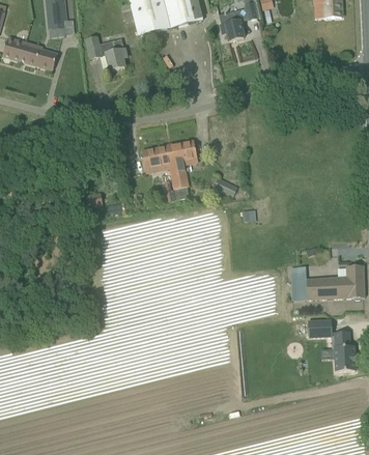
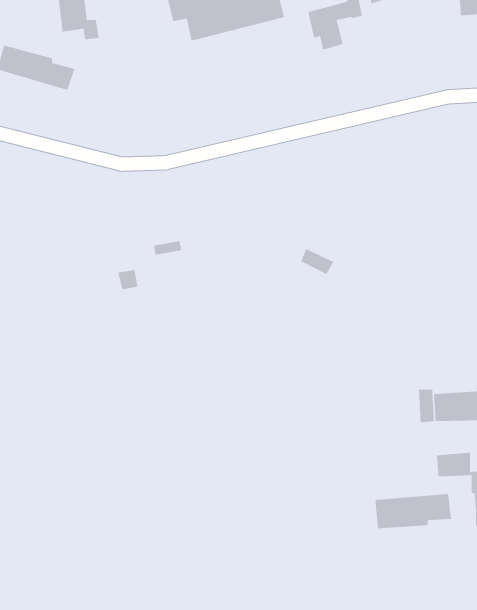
building: [85,35,126,69] -> none
building: [143,140,197,198] -> none
building: none -> [374,493,452,529]

